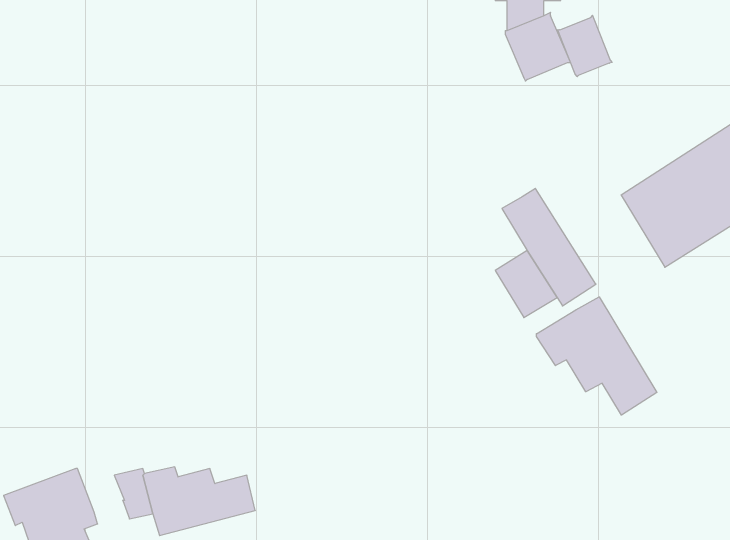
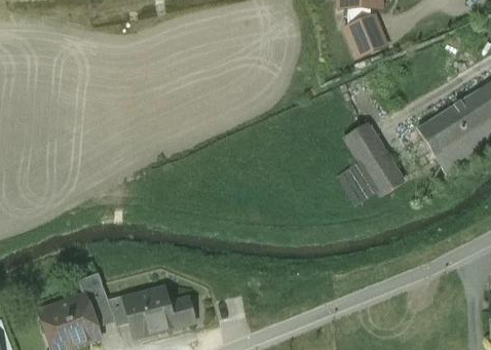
building: [558,15,612,77] -> none
building: [536,297,657,415] -> none
building: none -> [82,280,114,319]

